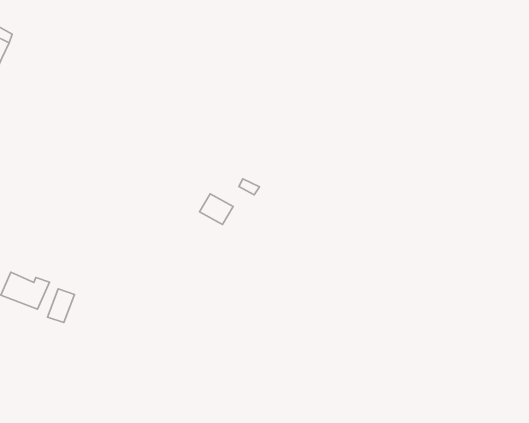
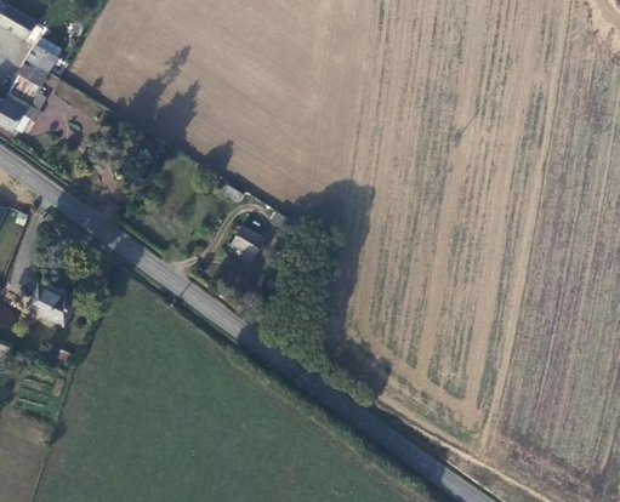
building: [48,289,75,323] -> none

